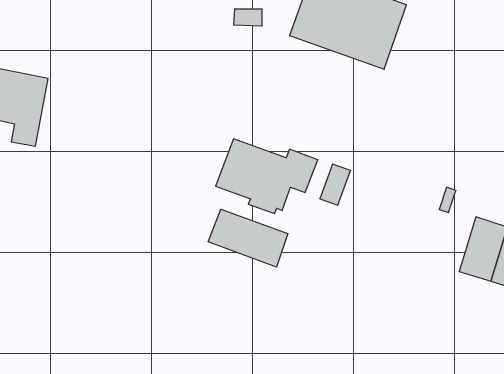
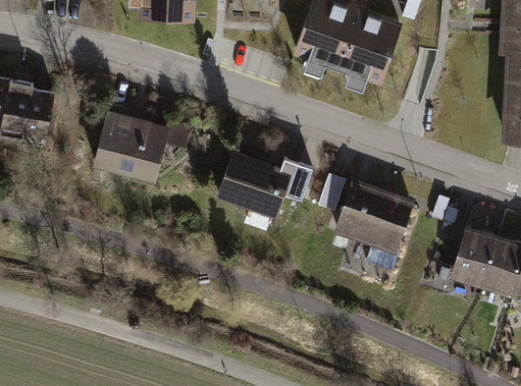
building: none -> [94,105,188,187]
building: none -> [336,181,417,256]
building: [208,209,288,267] -> none

